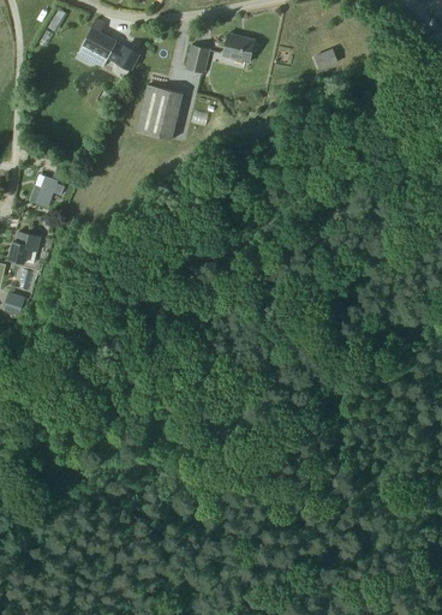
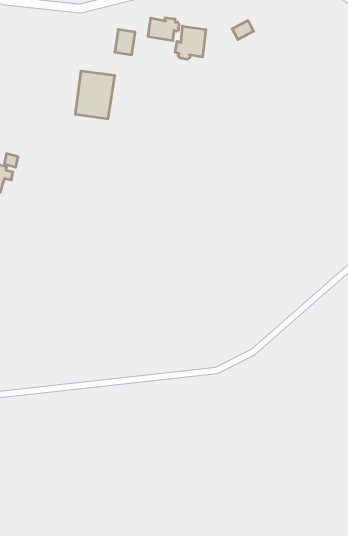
building: [82,18,138,78] -> none
building: none -> [175,26,206,59]

